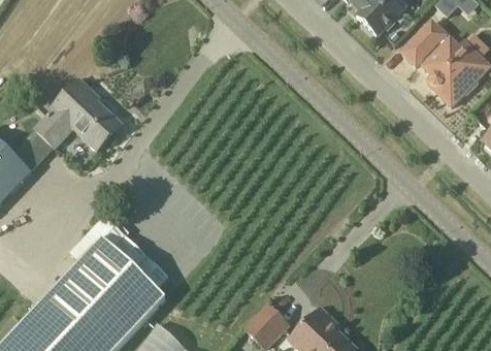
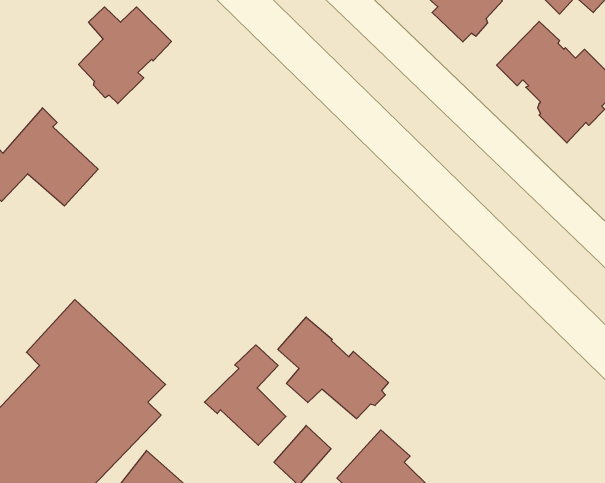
building: none -> [79,7,171,104]
building: none -> [278,317,388,419]
building: none -> [204,345,286,445]

